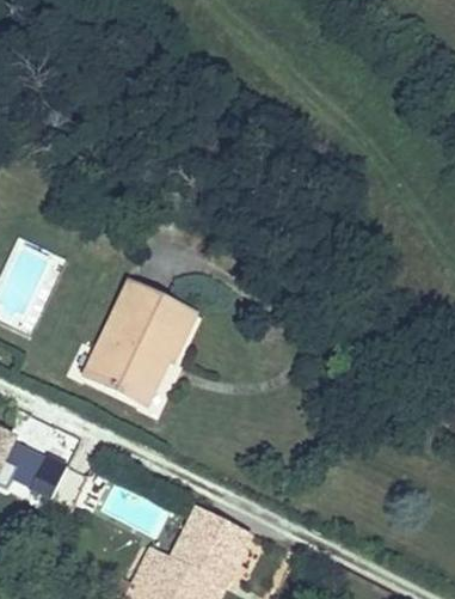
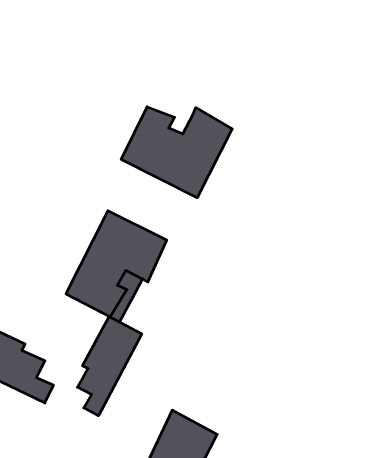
building: none -> [121,107,232,198]
building: none -> [77,316,142,416]

